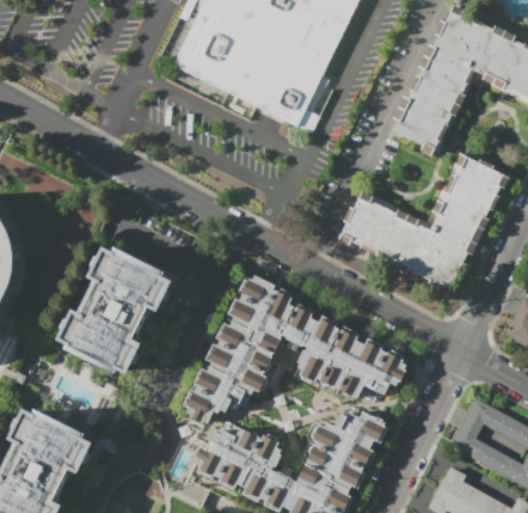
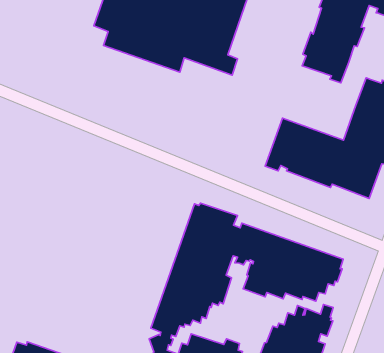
building: [56,245,174,373] -> none

